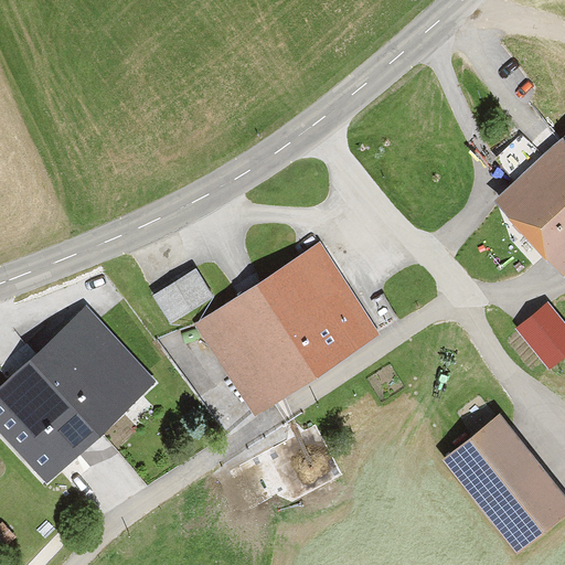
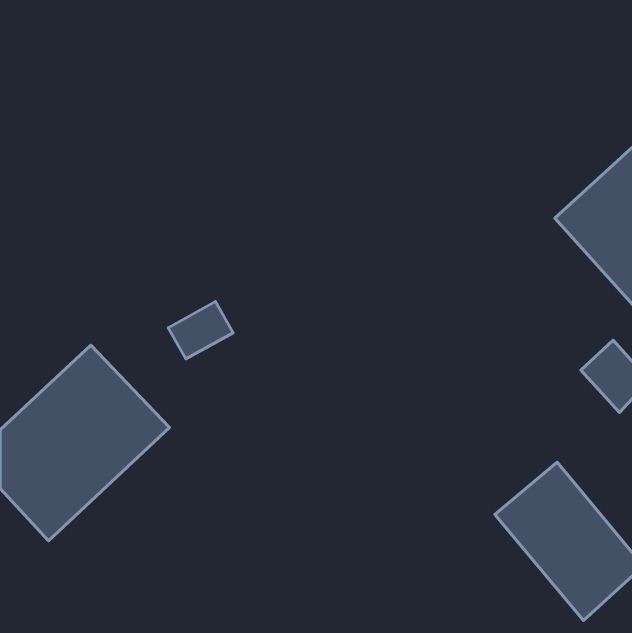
building: [196,246,376,413] -> none

